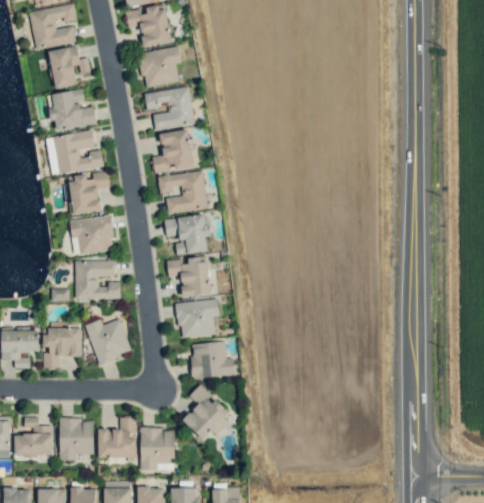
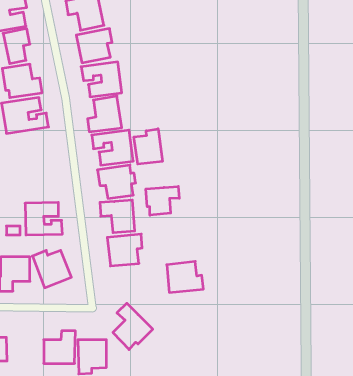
building: none -> [134,129,162,164]
building: [68,172,109,214] -> none
building: [69,216,115,255] -> none
building: none -> [146,186,179,215]
building: [190,341,235,379] -> [167,261,203,292]
building: [59,418,94,461] -> none

